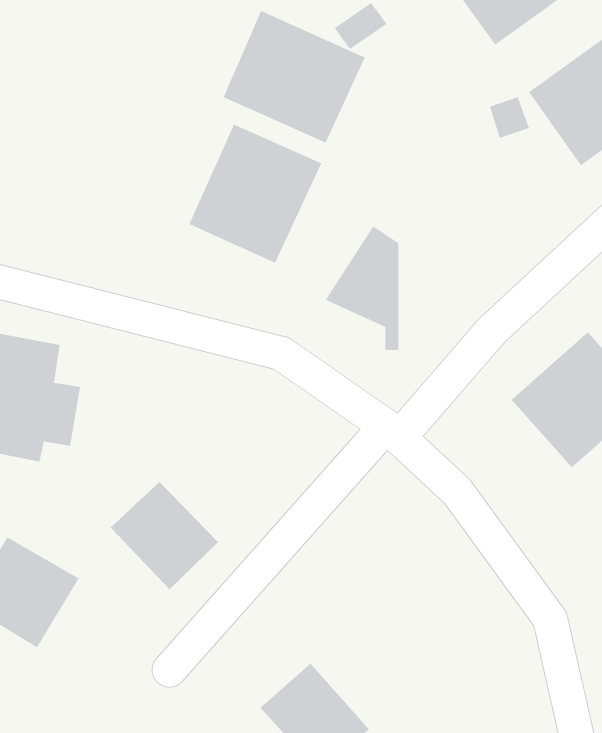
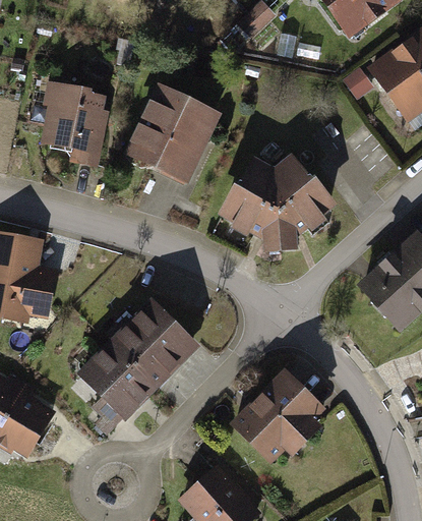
building: [223,10,366,143] -> none
building: none -> [38,83,107,159]
building: none -> [280,158,333,247]
building: none -> [112,301,192,382]
building: none -> [235,369,327,460]

